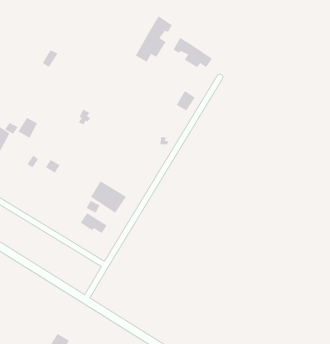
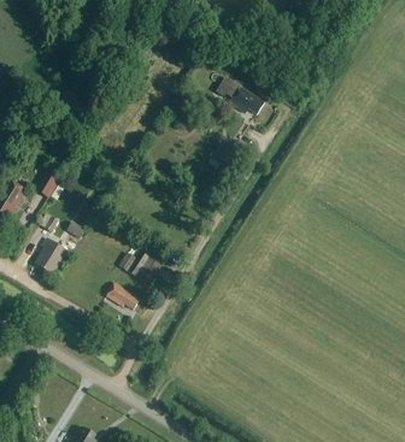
building: [135,16,173,63] -> none
building: none -> [36,238,66,273]

